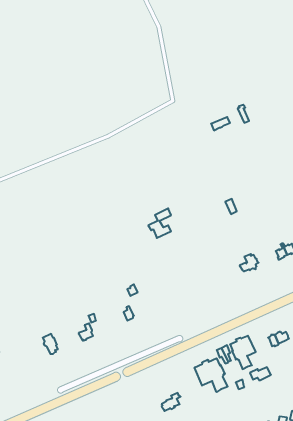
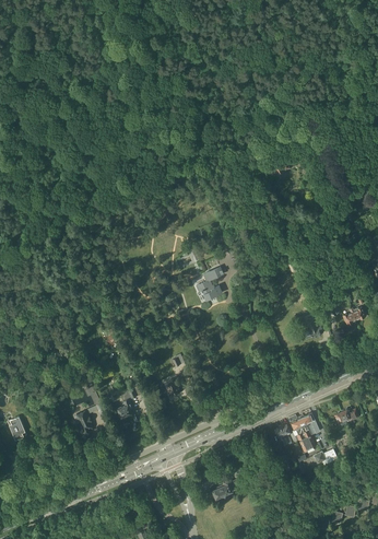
building: [195,358,228,392] -> none

